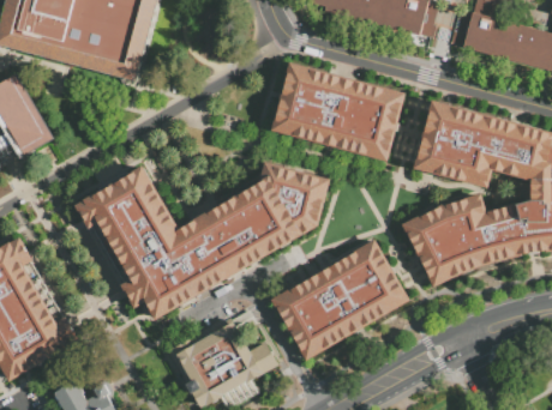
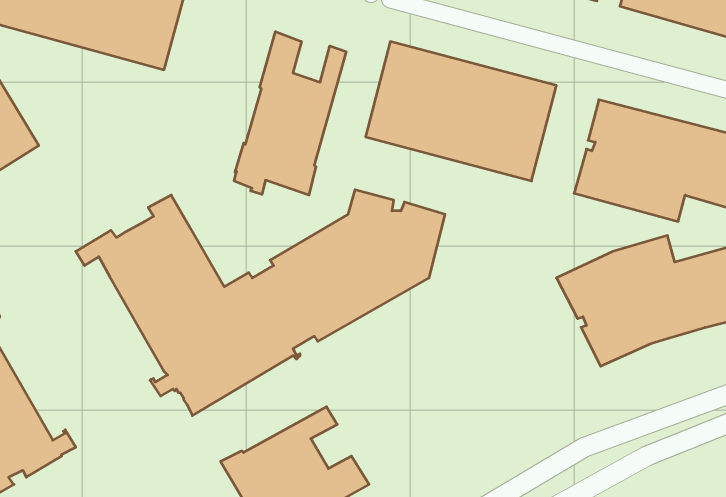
building: none -> [234,32,346,195]
building: [272,241,407,358] -> none

